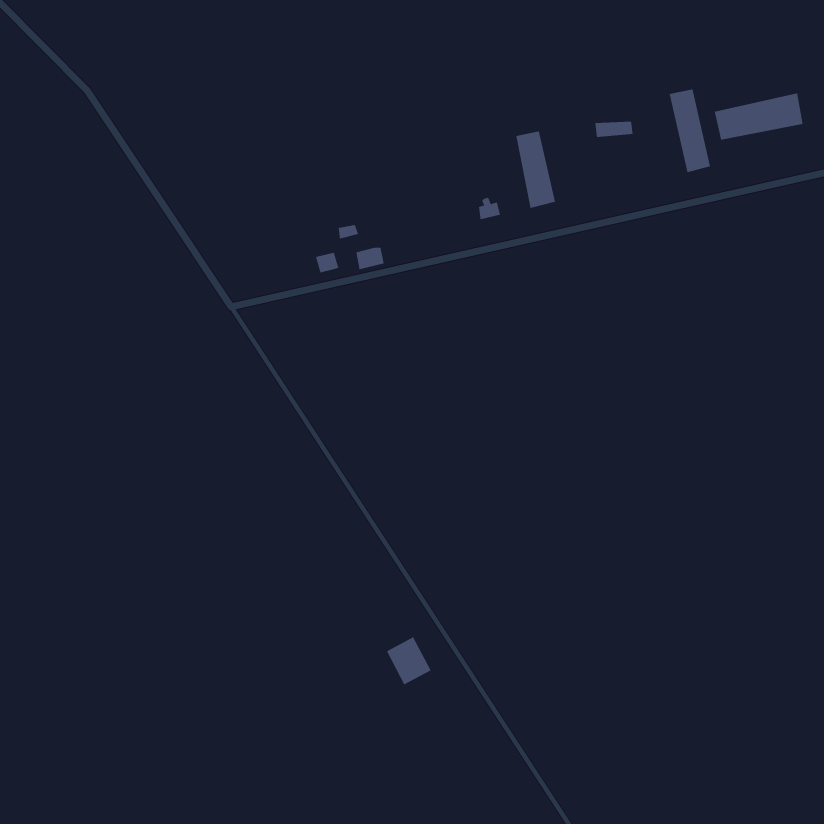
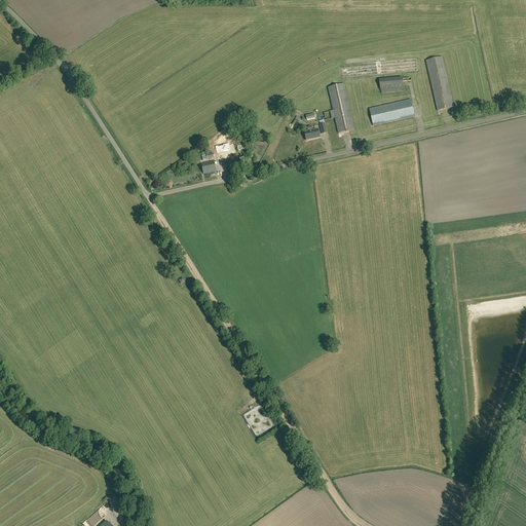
building: [714,93,803,141] -> none
building: none -> [369,99,414,124]

